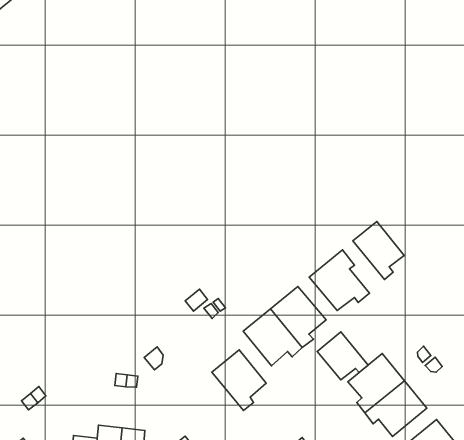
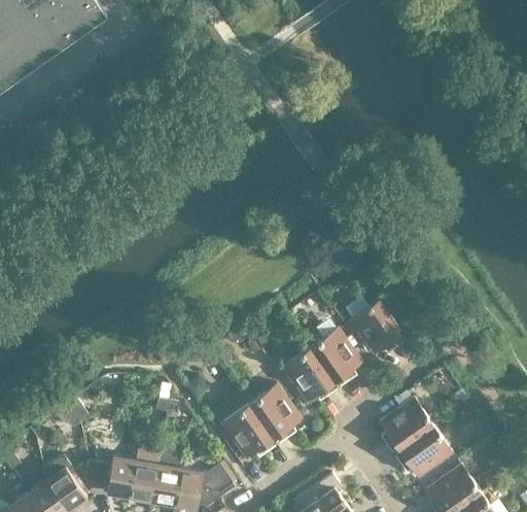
building: [353,222,404,279] -> none
building: [317,332,368,380] -> none
building: none -> [221,404,277,457]

